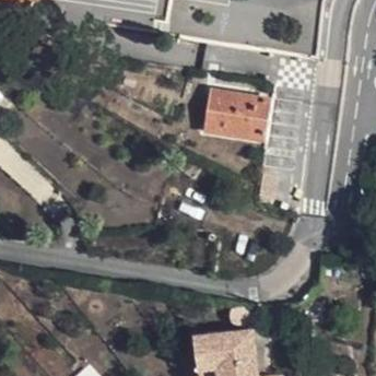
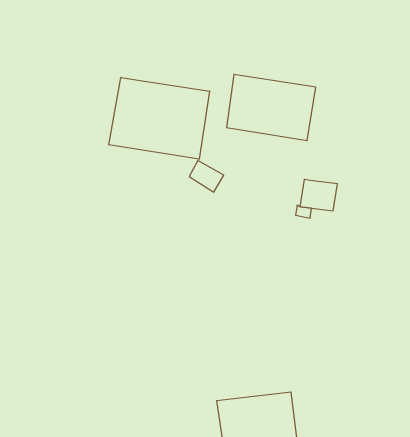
building: none -> [109,77,210,159]

